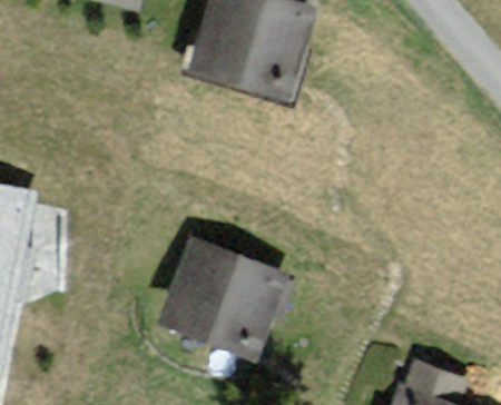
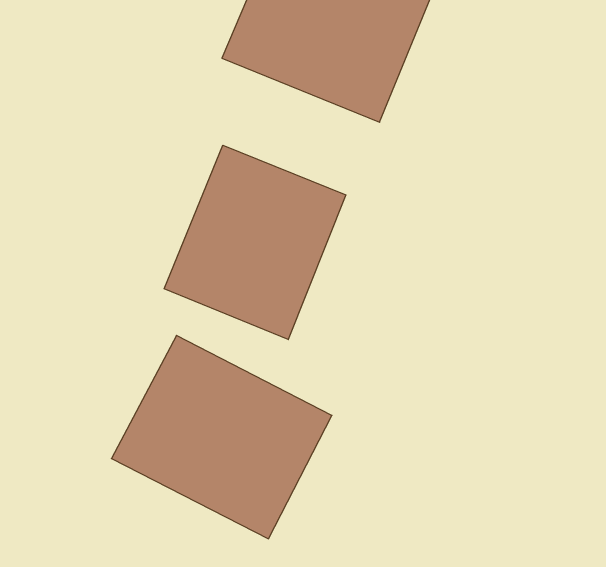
building: none -> [164,145,346,340]

